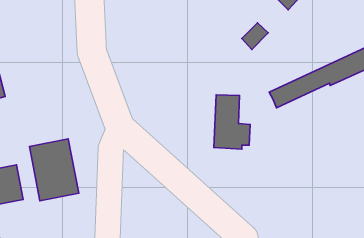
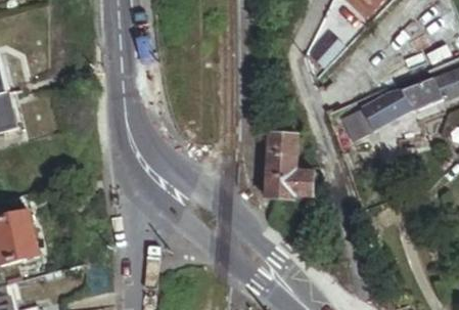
building: [29,139,79,201] -> none

